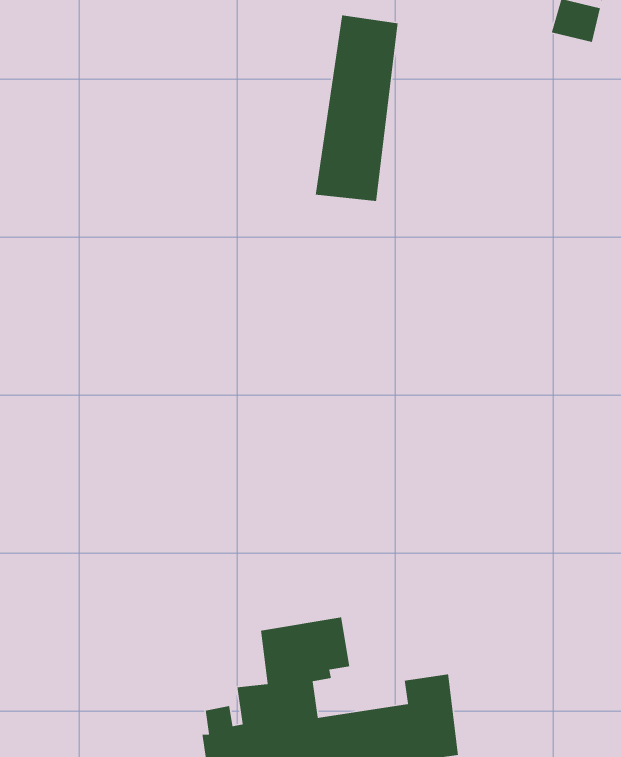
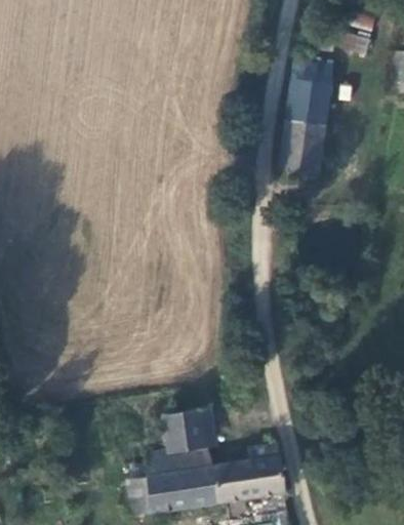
building: [315,14,398,202] -> [280,59,331,174]

